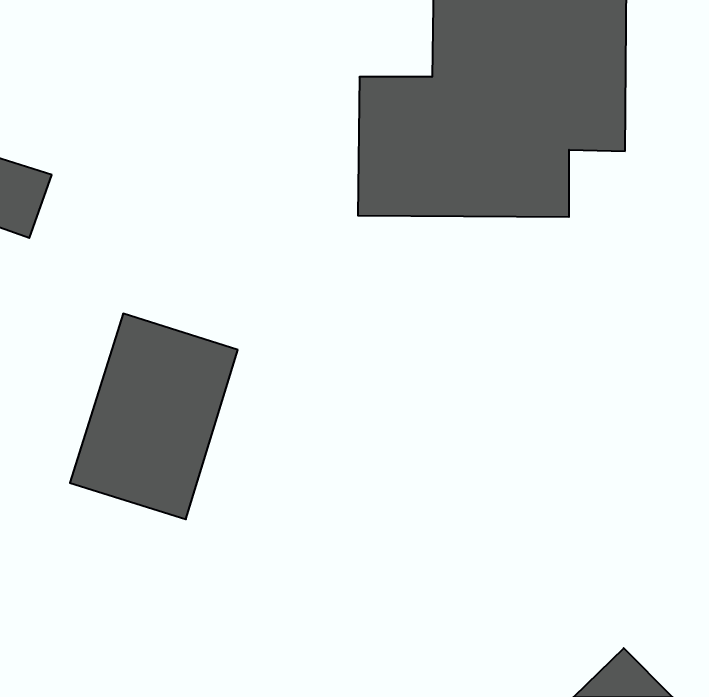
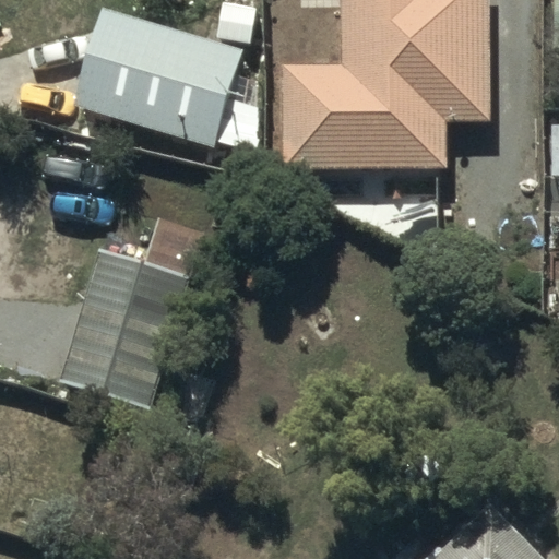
building: none -> [74,8,240,145]

